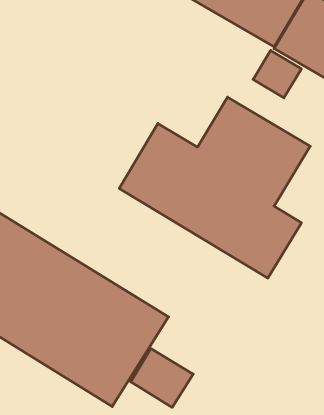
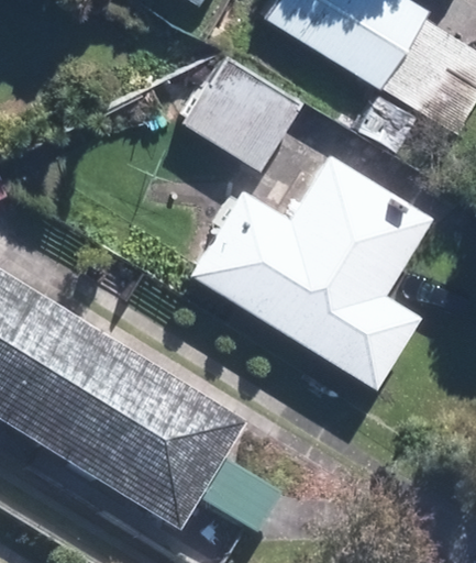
building: none -> [182,54,299,167]

